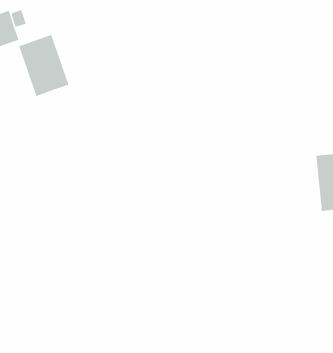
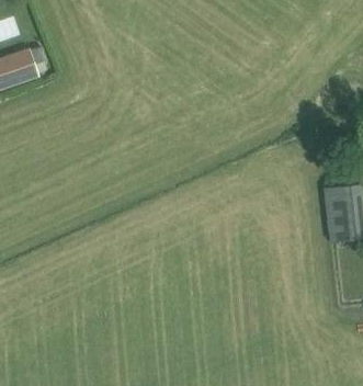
building: [18,34,69,97] -> none

